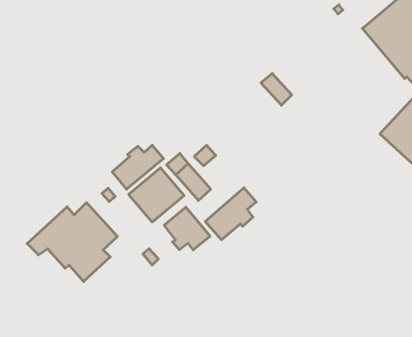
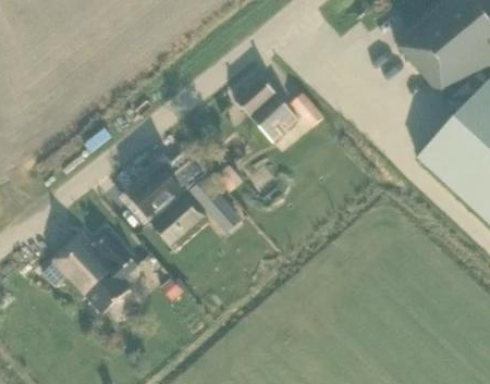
building: none -> [235,76,298,140]
building: [205,188,256,240] -> none
building: [164,207,210,250] -> none

